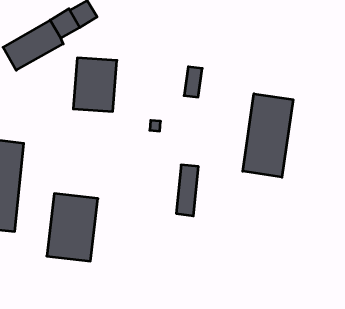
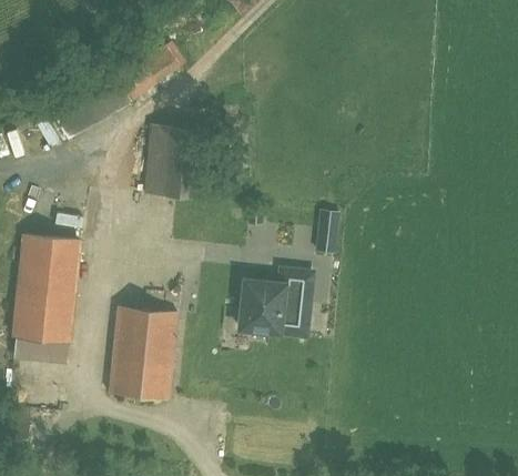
building: [184,67,202,97] -> [314,212,338,253]
building: [243,94,293,177] -> none
building: none -> [238,277,285,334]

